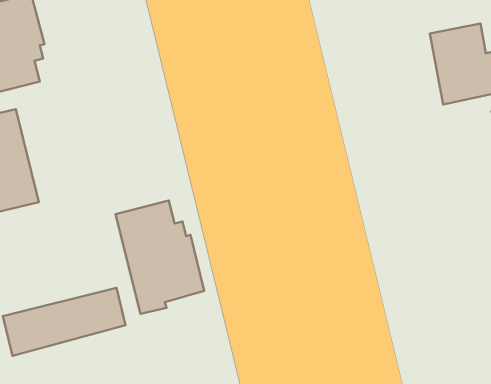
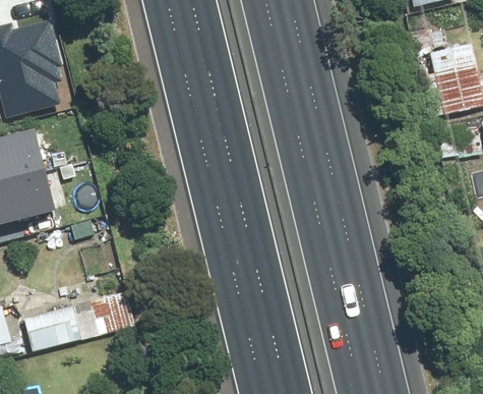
building: [116,200,204,314] -> none

